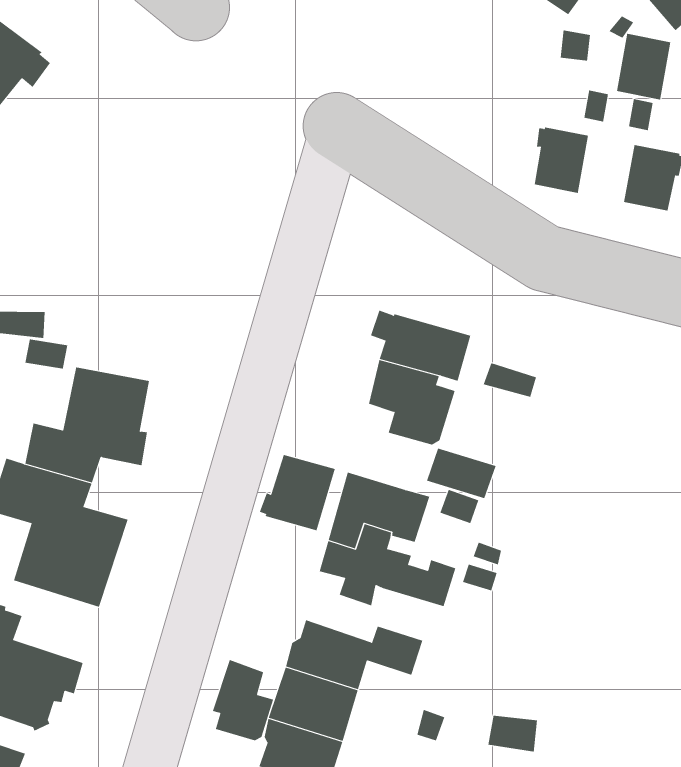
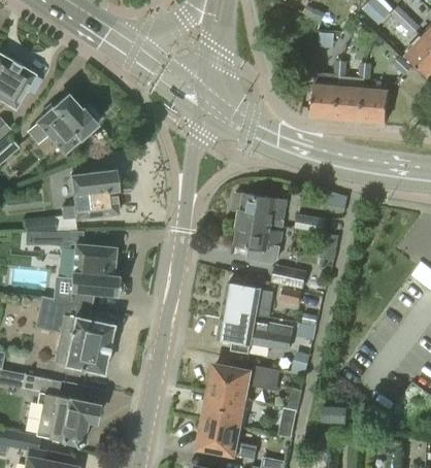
building: [616,33,671,100] -> [336,87,363,121]
building: none -> [29,95,103,155]
building: none -> [62,169,117,220]
building: [259,454,335,531] -> none
building: [212,659,274,741] -> none

